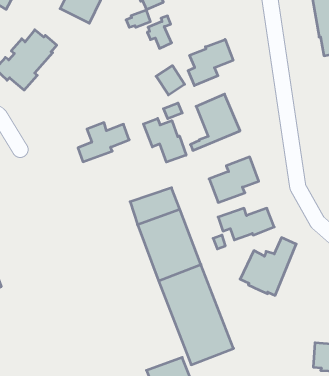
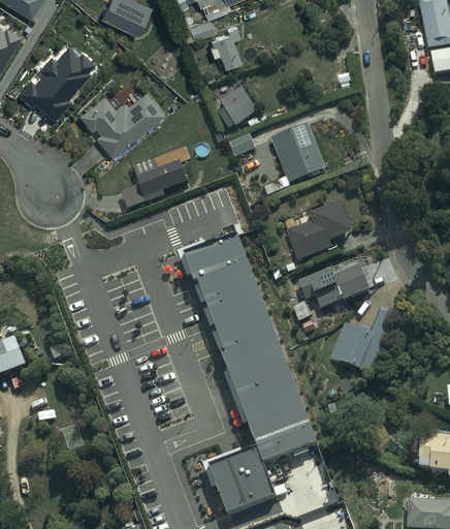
building: [188,39,233,86] -> none
building: none -> [79,90,164,154]
building: [143,118,186,162] -> none

